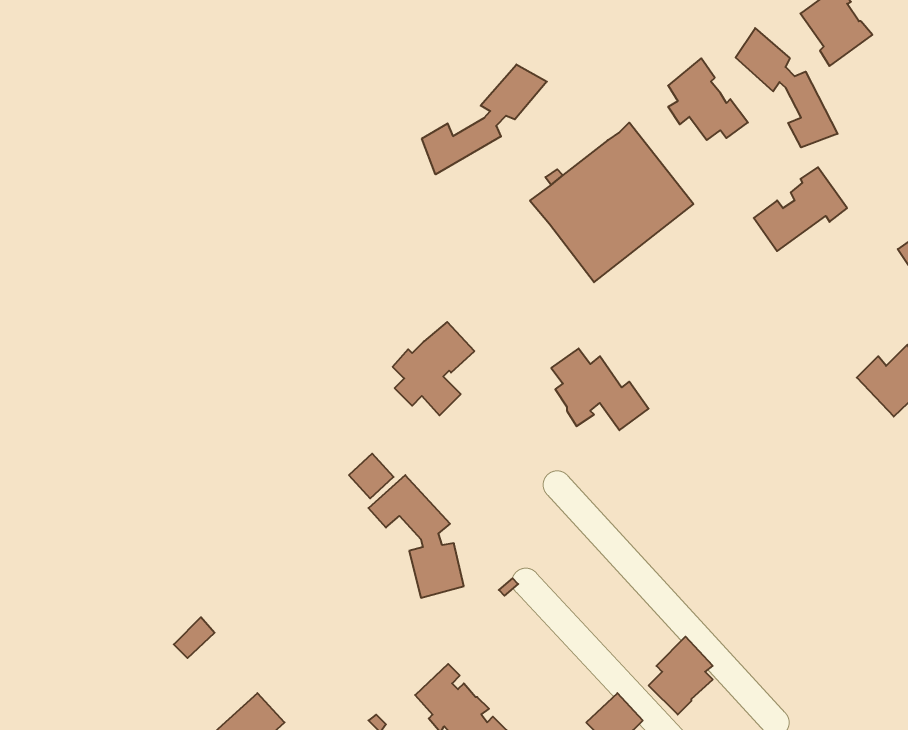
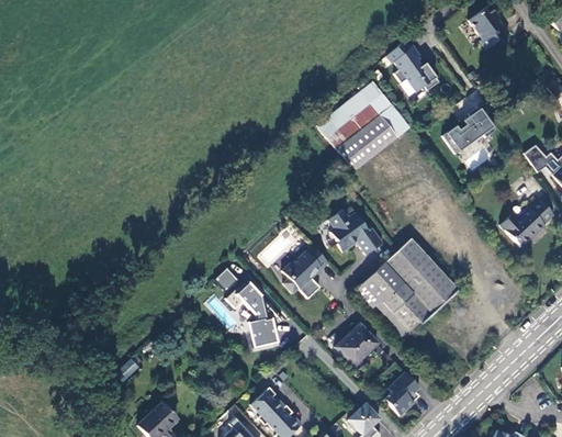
building: [736,28,838,147] -> none
building: [422,64,547,174] -> none
building: [393,322,474,415] -> [283,246,329,299]
building: none -> [356,239,459,341]
building: none -> [337,324,380,366]

